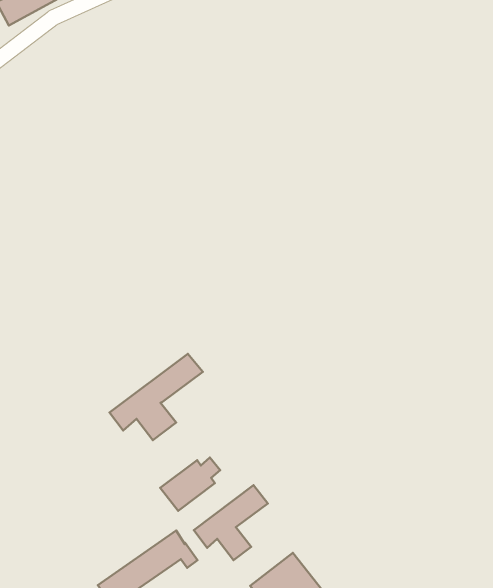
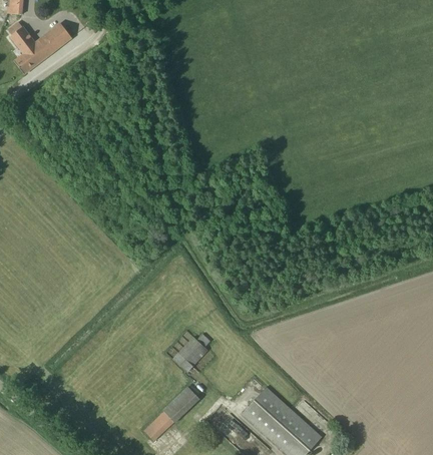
building: [110,354,203,440] -> none
building: [194,485,268,560] -> none

